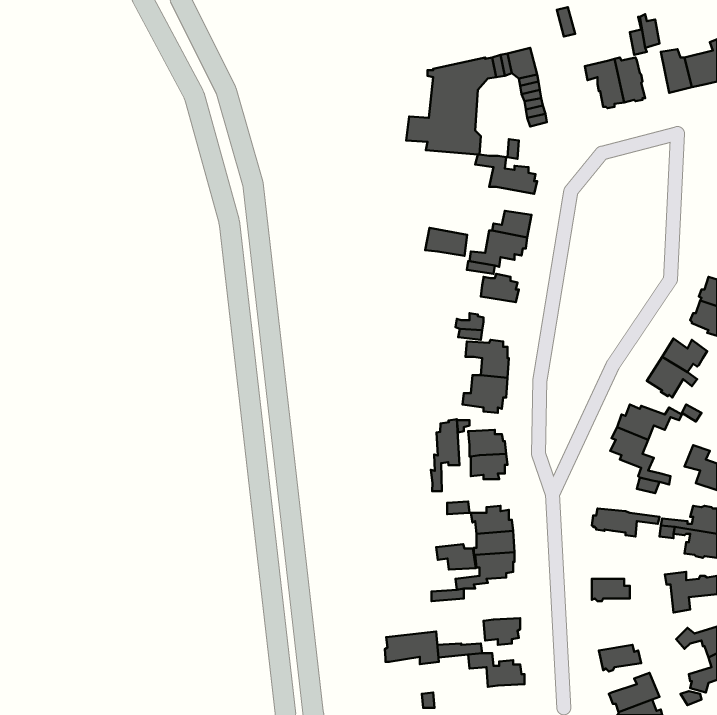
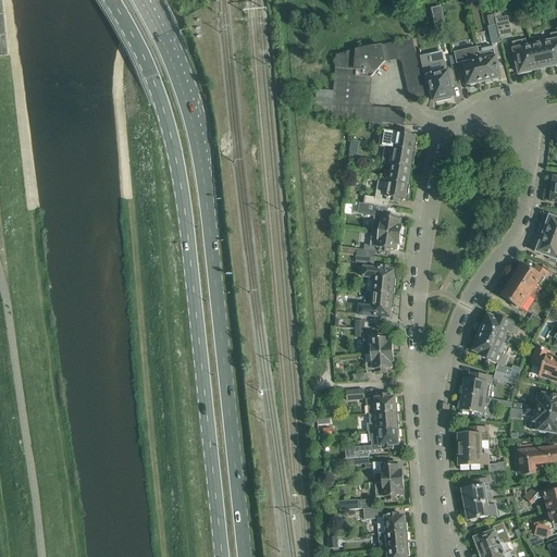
building: none -> [420,52,453,100]
building: [425,228,467,256] -> [381,145,413,166]
building: none -> [370,230,399,251]
building: [431,419,459,491] -> none
building: none -> [460,372,491,397]
building: [436,544,476,570] -> [372,460,403,480]
building: none -> [458,426,483,448]
building: none -> [461,478,492,504]
building: [385,632,439,664] -> none
building: none -> [377,530,408,548]

